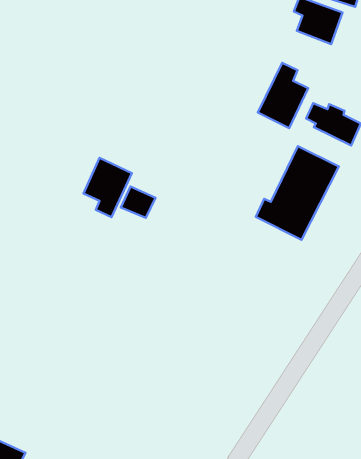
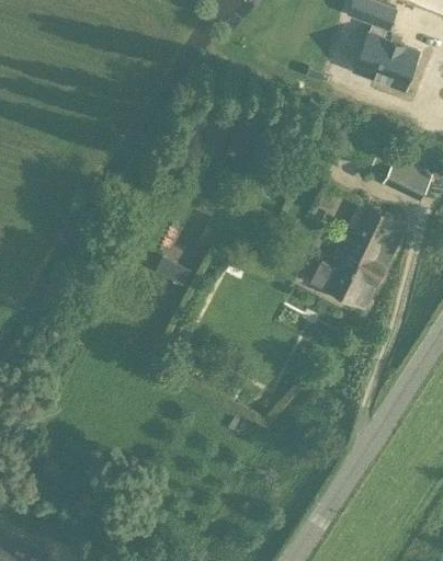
building: [258,63,308,128] -> none
building: [84,158,132,217] -> none

